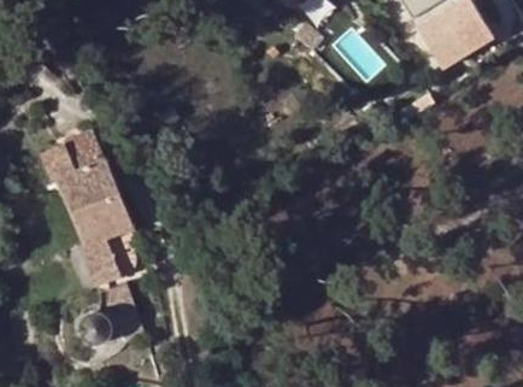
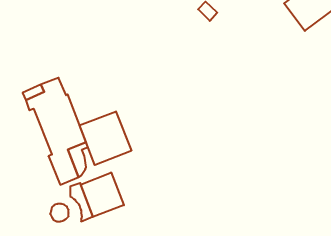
building: none -> [80,111,131,165]
building: none -> [81,172,124,217]

